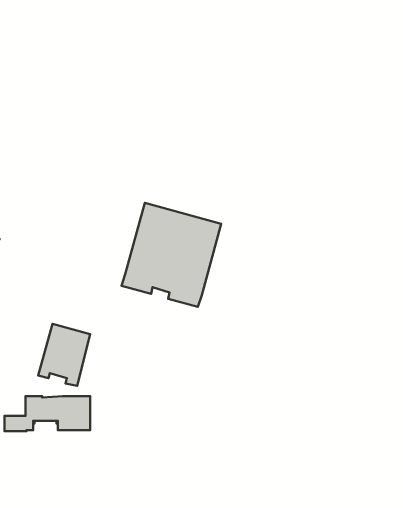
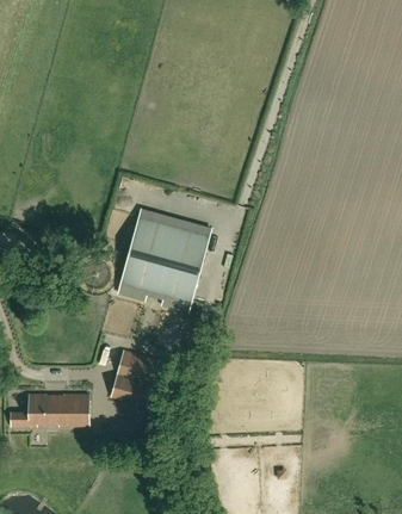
building: [38,324,90,386] -> [110,348,157,405]

